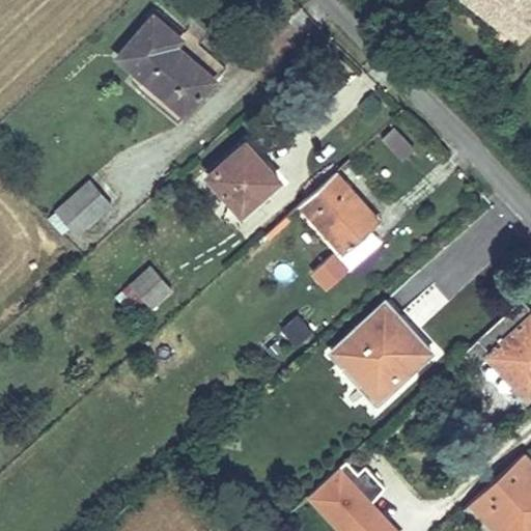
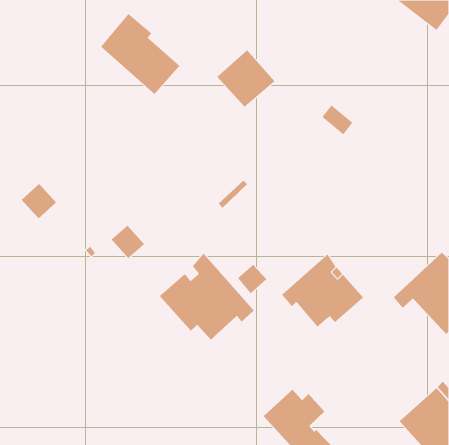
building: [207,146,277,215] -> [216,50,275,108]
building: [300,176,381,292] -> none
building: [65,185,108,227] -> [21,183,57,219]
building: none -> [159,253,255,340]

